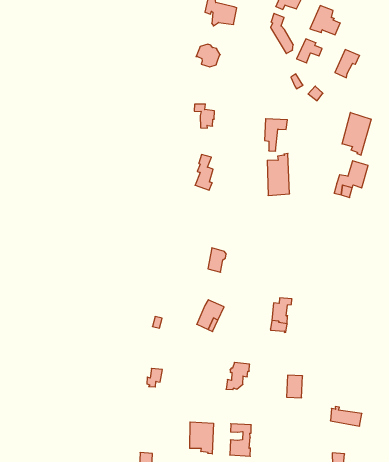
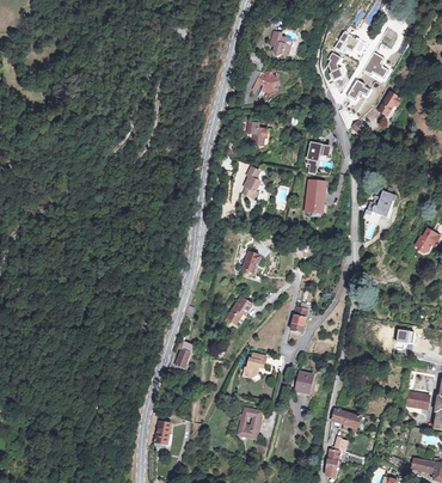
building: [342,112,371,155] -> none
building: [190,422,213,454] -> none

